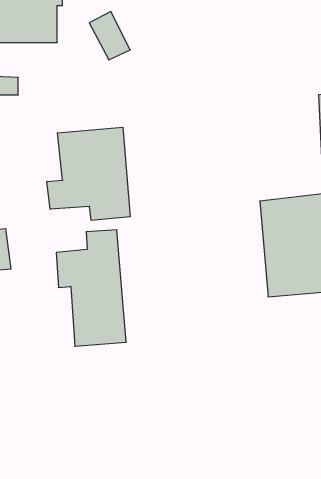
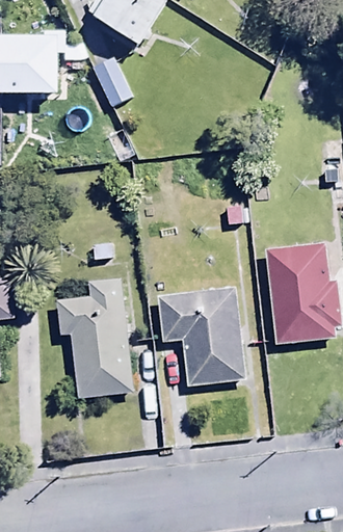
building: [47,127,130,220] -> none
building: none -> [157,287,243,387]

